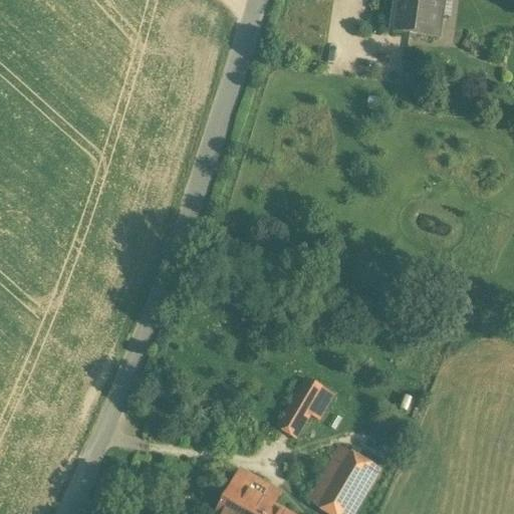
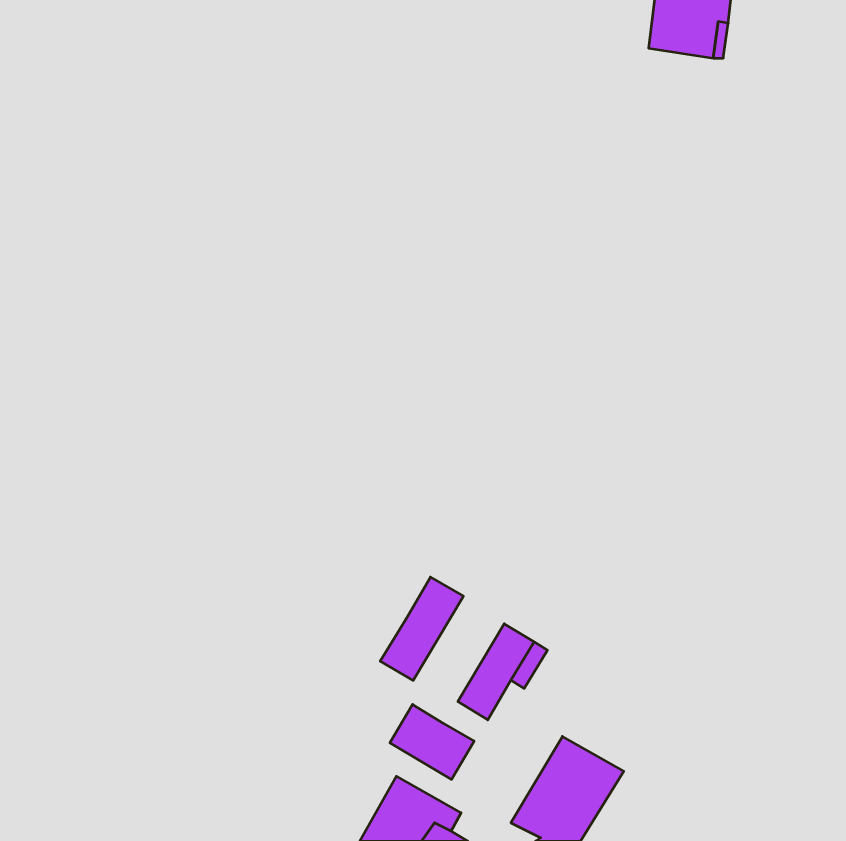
building: none -> [380,577,463,680]
building: none -> [390,704,474,779]

